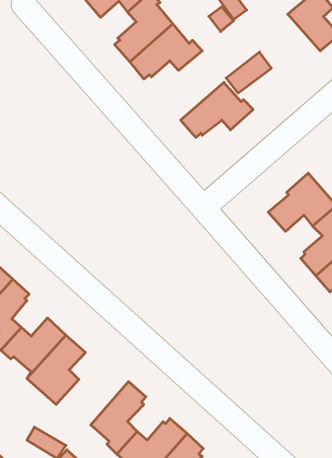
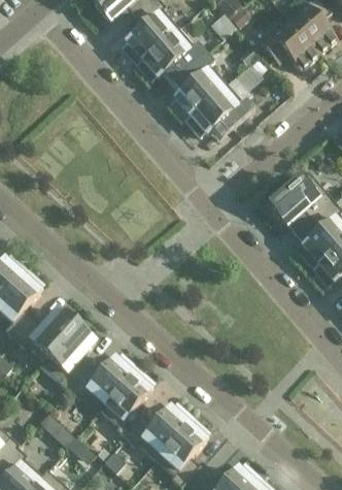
building: none -> [258,18,316,69]
building: none -> [169,53,225,119]
building: none -> [67,355,134,410]

